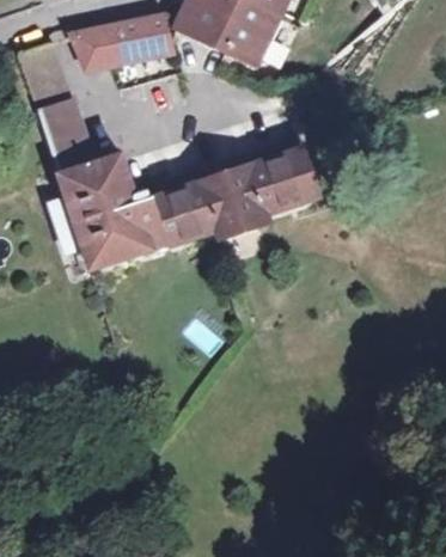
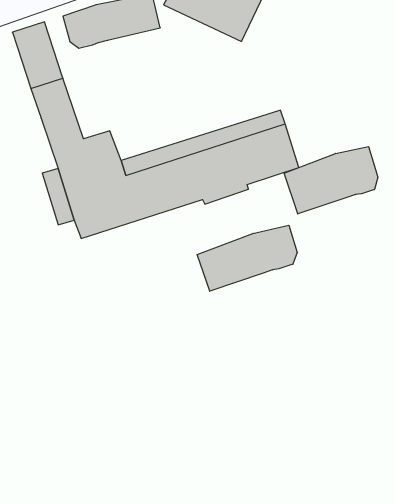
building: none -> [284,147,378,214]
building: none -> [197,225,297,291]

